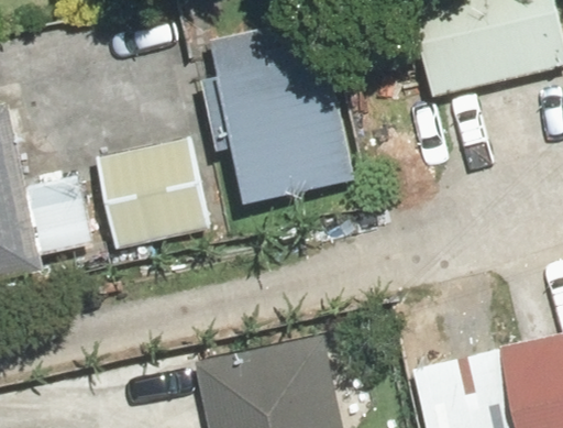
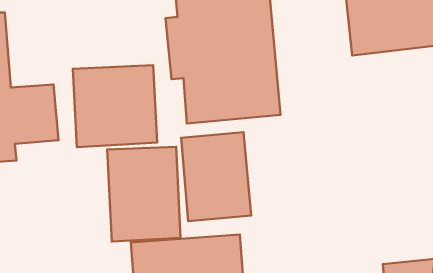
building: none -> [181,132,251,221]
building: none -> [107,147,181,242]

